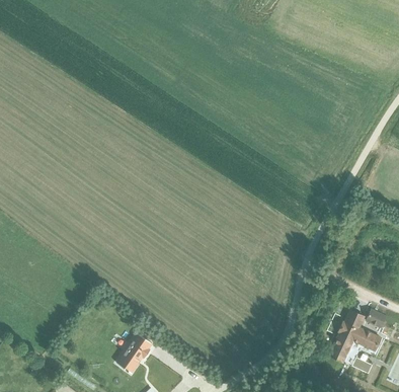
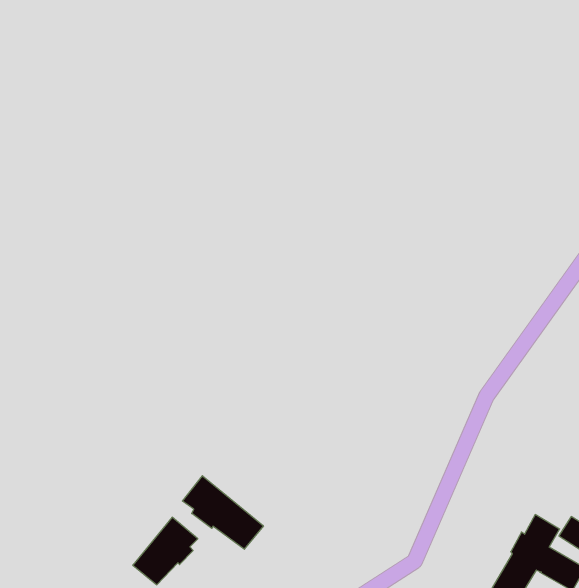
building: none -> [182,476,263,549]

